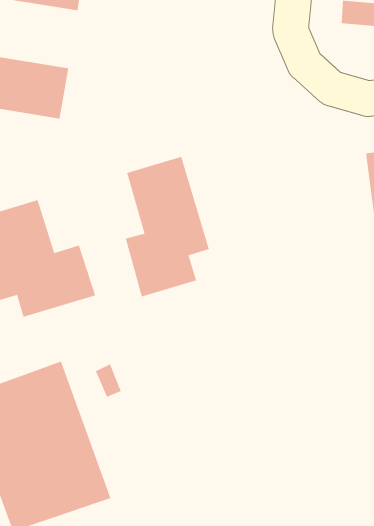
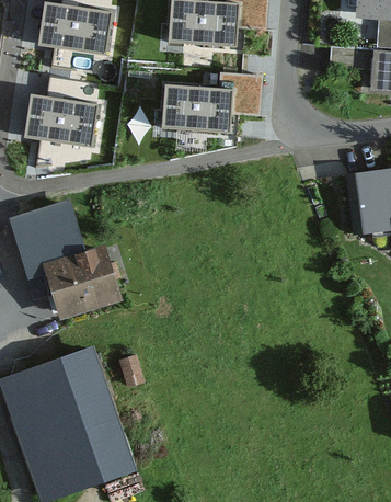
building: none -> [161,73,262,128]
building: [125,156,210,297] -> none

